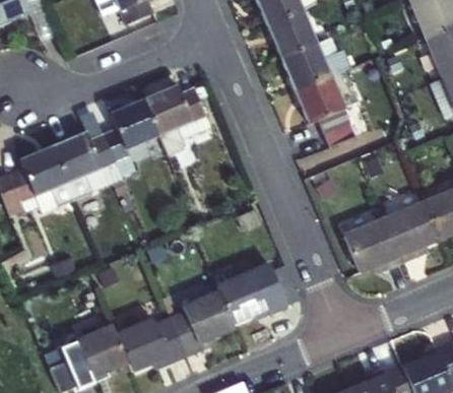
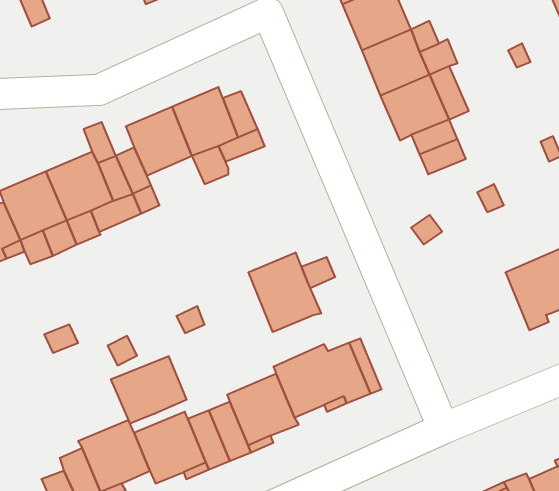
building: none -> [248,252,321,332]
building: [344,218,402,272] -> none
building: none -> [111,356,187,424]

